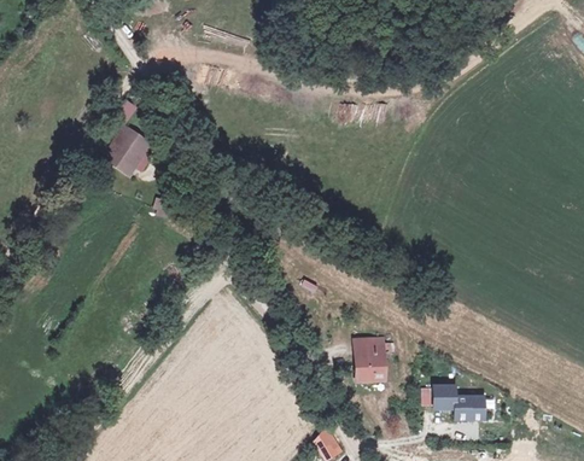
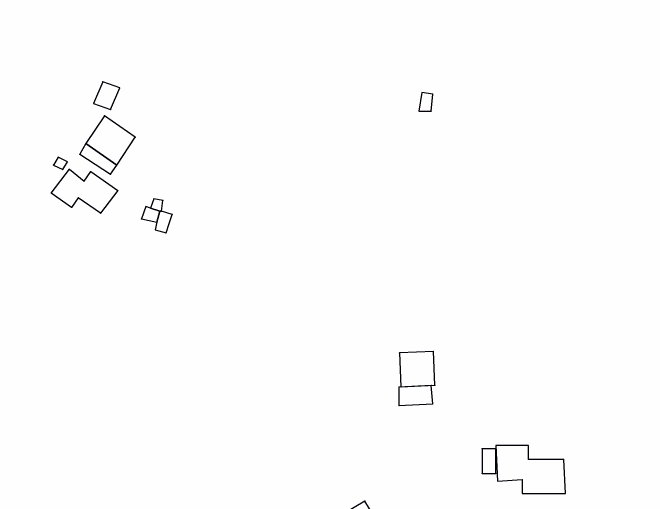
building: none -> [51,169,118,213]
building: [356,352,384,380] -> [399,351,435,387]

